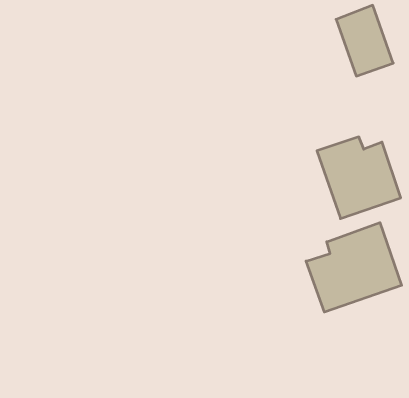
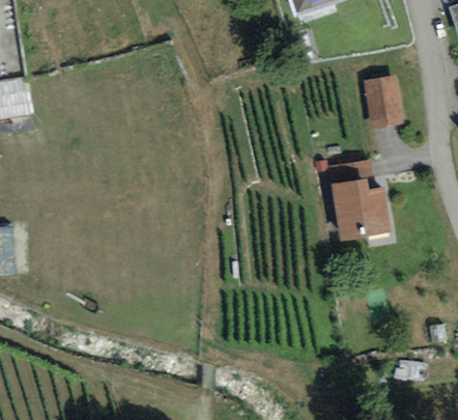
building: [306,223,402,312] -> none

